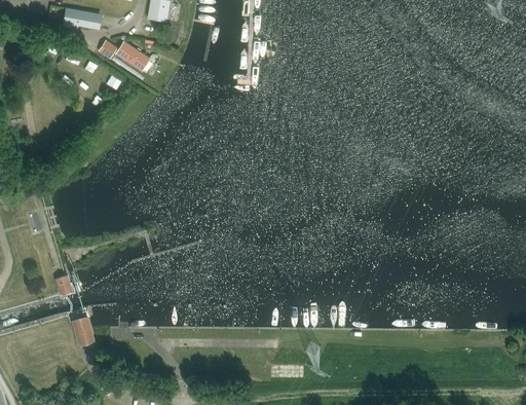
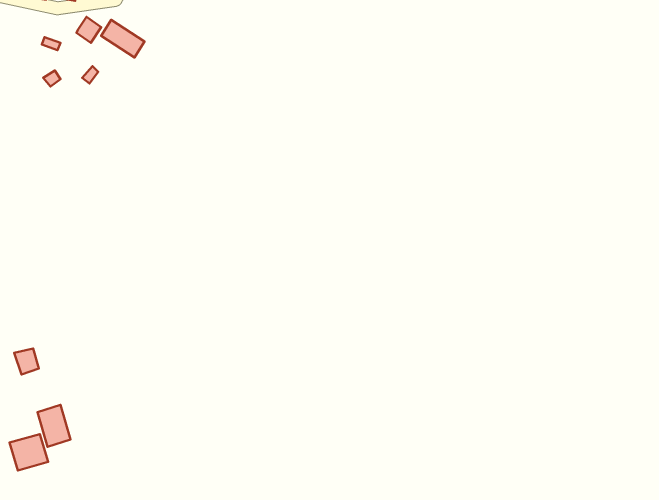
building: none -> [10,434,48,470]

